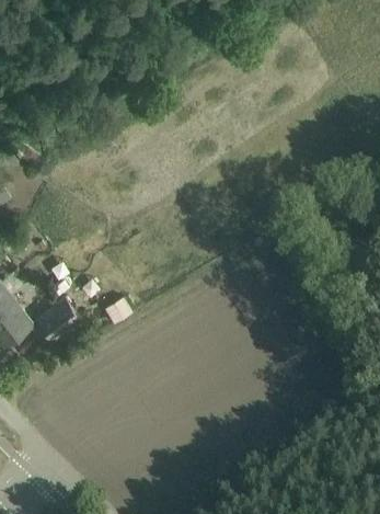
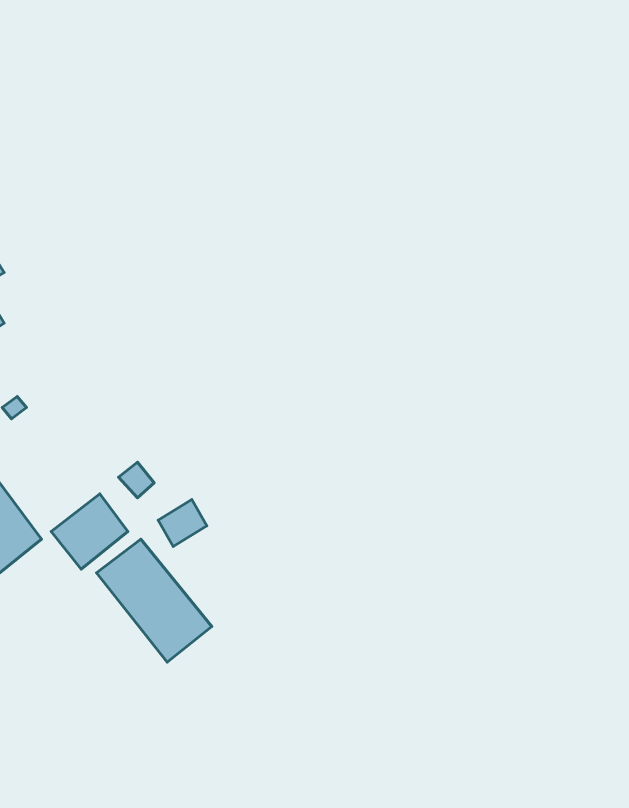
building: none -> [96,539,212,662]

